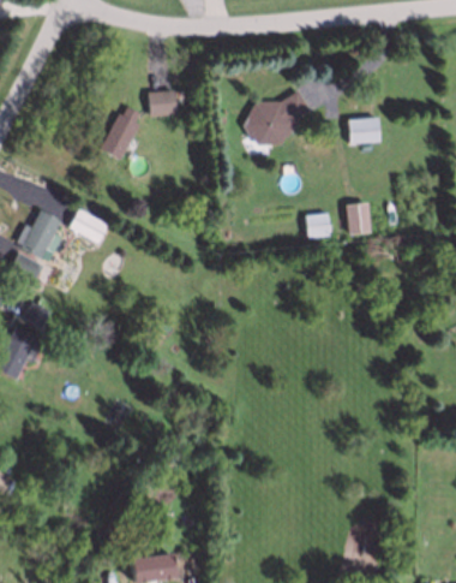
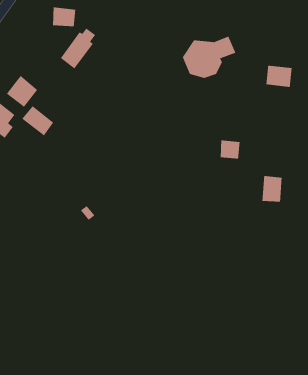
building: [150,90,179,114] -> [52,7,76,27]
building: none -> [6,75,38,108]
building: [347,202,372,234] -> [262,175,283,202]

